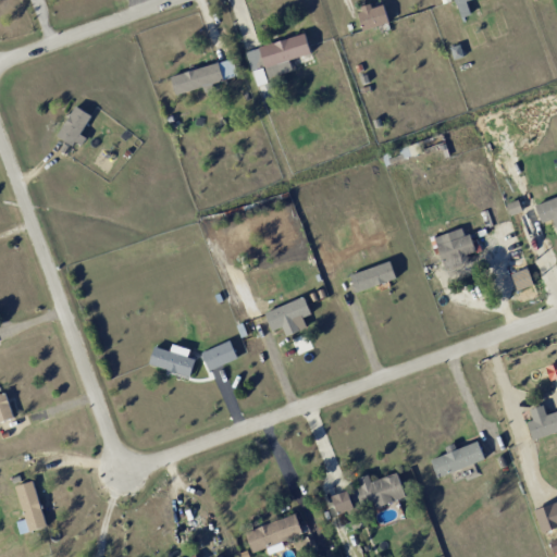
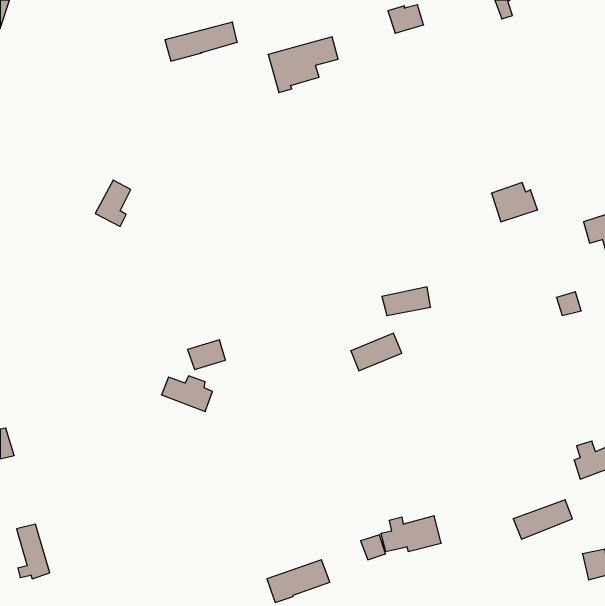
building: [171,59,237,95] -> [165,22,237,61]
building: [59,106,91,148] -> [95,180,131,226]
building: [434,227,476,263] -> [491,183,538,222]
building: [265,296,312,331] -> [351,333,402,371]
building: [202,342,237,369] -> [188,340,225,370]
building: [431,442,485,478] -> [513,500,572,539]

